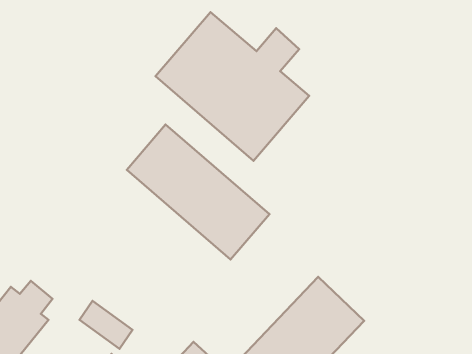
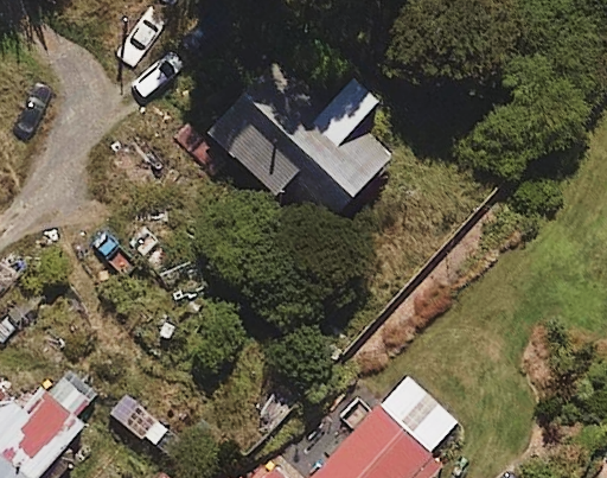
building: [127,125,269,259] -> none

